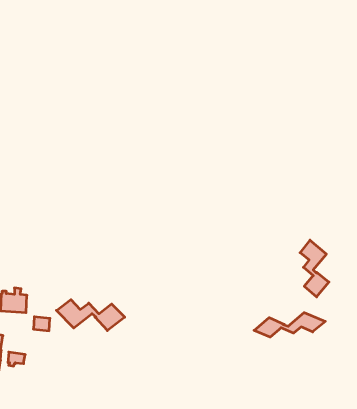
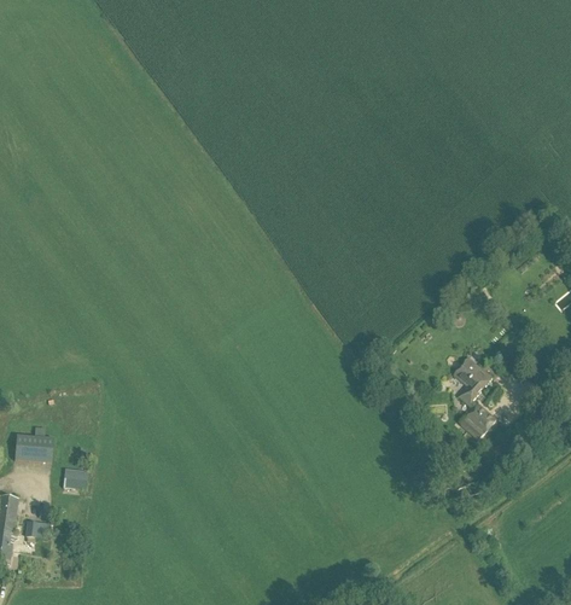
building: [56,300,125,331] -> none
building: [254,313,325,337] -> none

